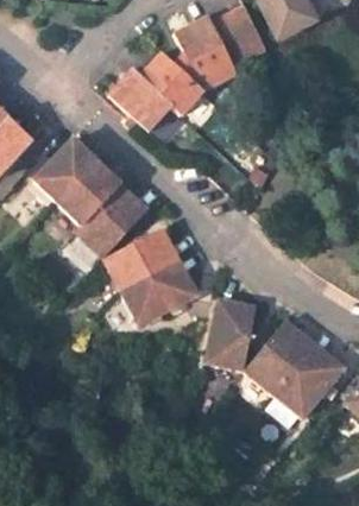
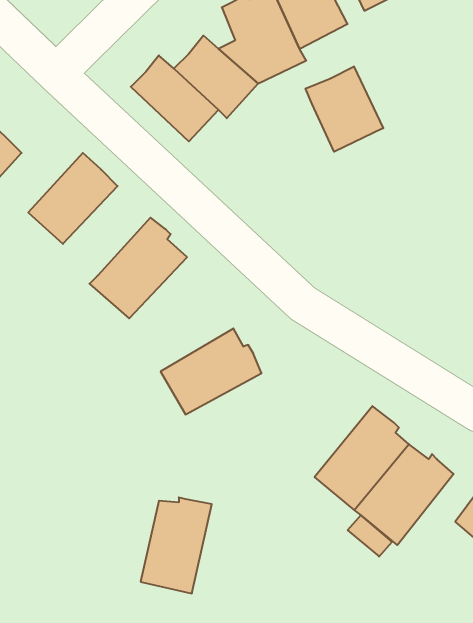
building: none -> [306,66,383,152]
building: [61,163,124,227] -> none
building: [111,229,183,296] -> none
building: [203,303,254,372] -> [141,497,212,593]

